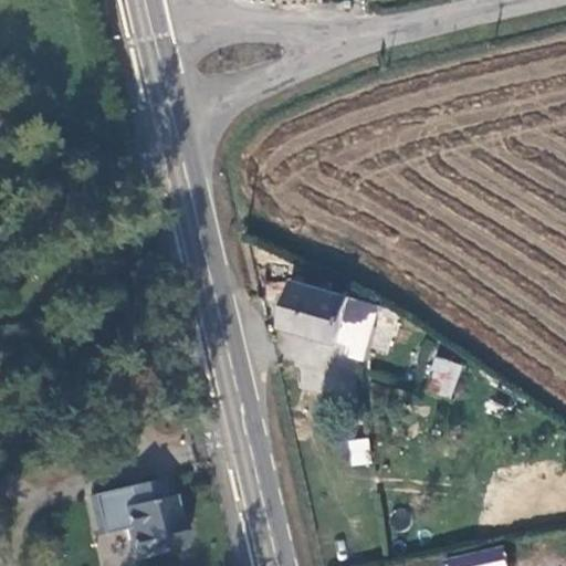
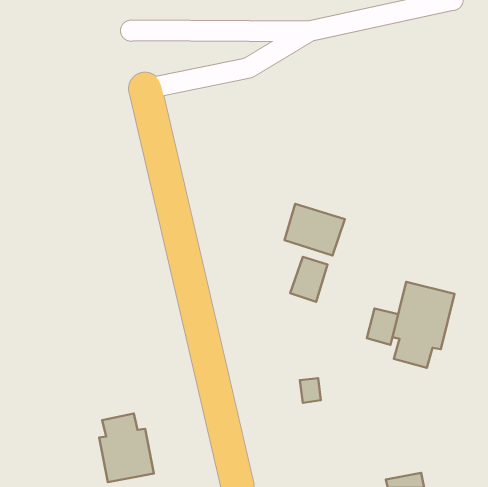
building: [281,281,350,340] -> [285,204,345,255]
building: none -> [392,282,455,368]

